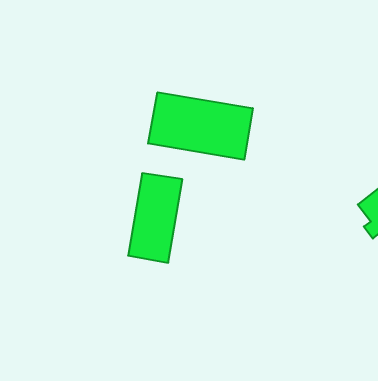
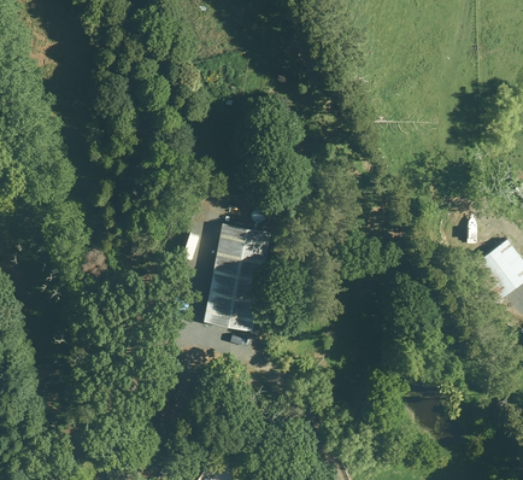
building: [148,92,253,160] -> none

